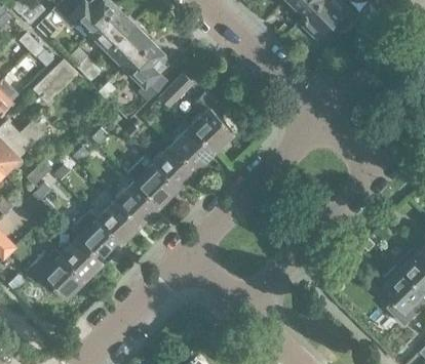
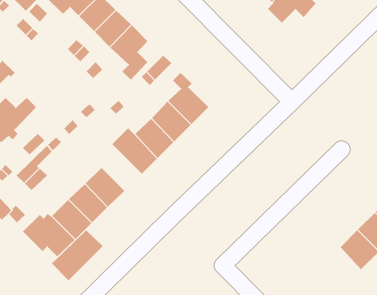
building: [32,59,78,105] -> none
building: [114,180,159,226] -> none
building: none -> [51,229,104,281]

